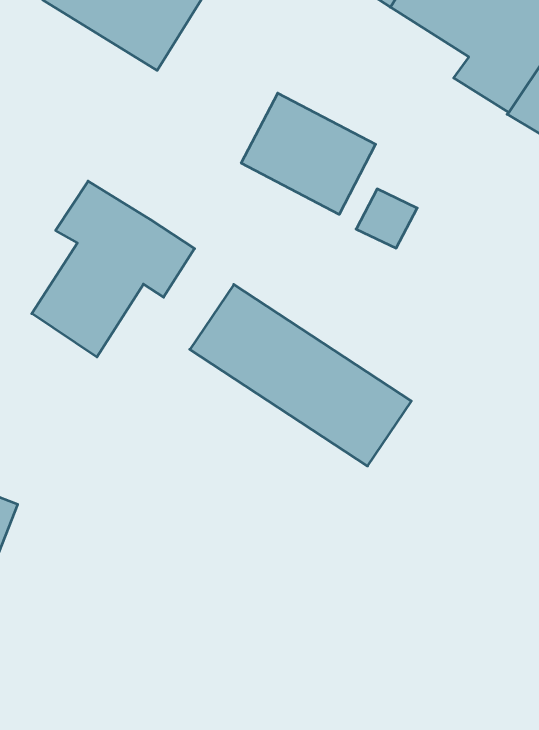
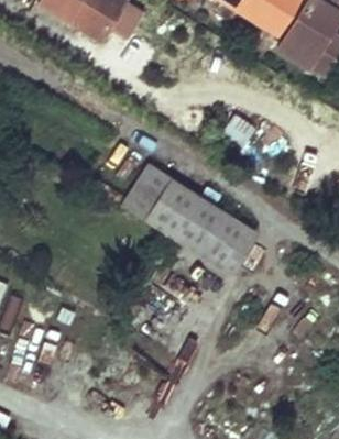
building: [241,93,376,214] -> none
building: [32,181,195,357] -> none

